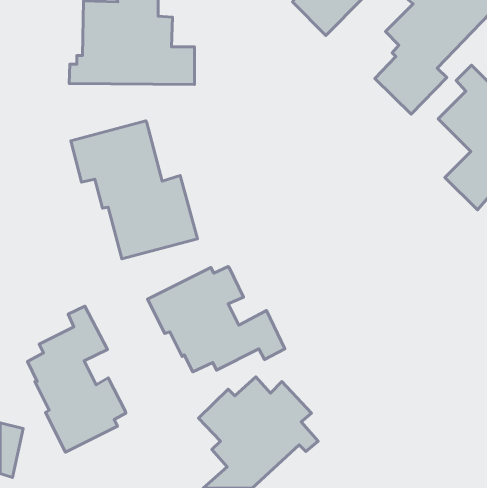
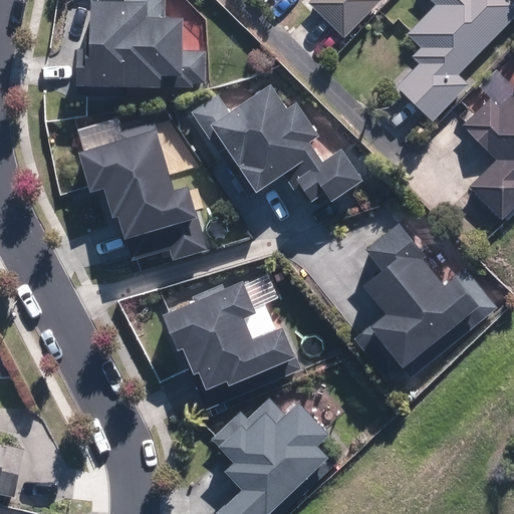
building: none -> [193,84,361,201]
building: none -> [359,220,500,377]
building: [27,306,126,452] -> none

